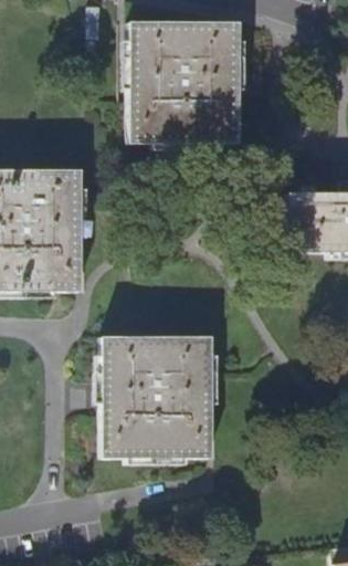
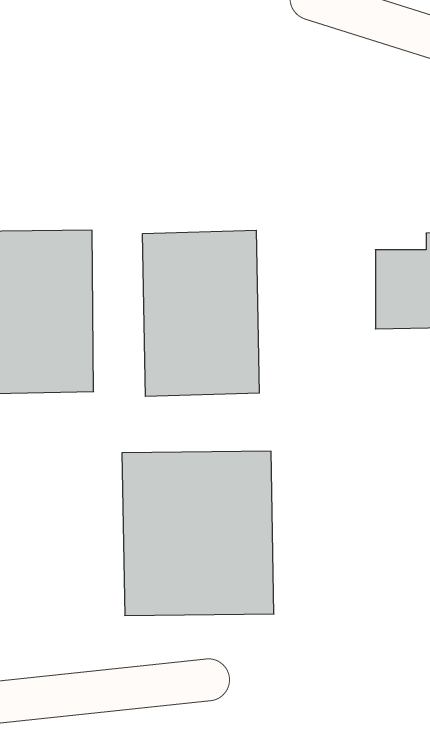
building: [125,29,238,150] -> none
building: none -> [143,230,259,396]

